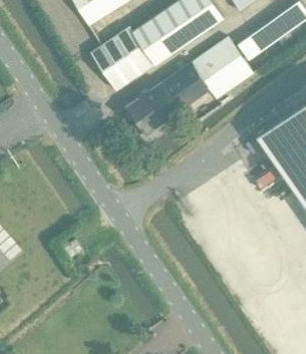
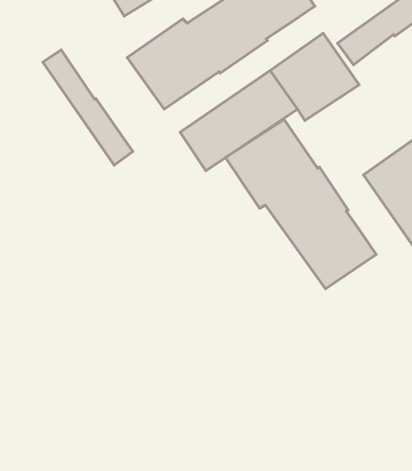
building: none -> [43,50,133,165]
building: none -> [225,119,376,289]

